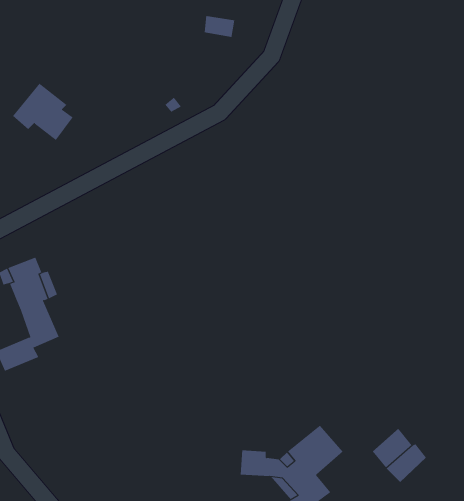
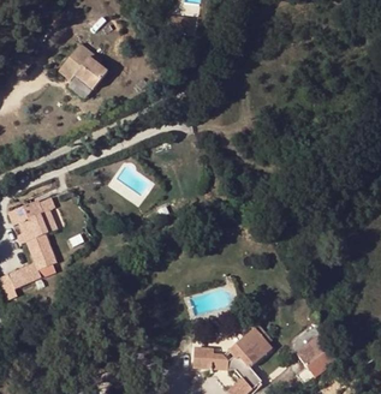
building: [12,83,74,141] -> [59,44,106,89]

